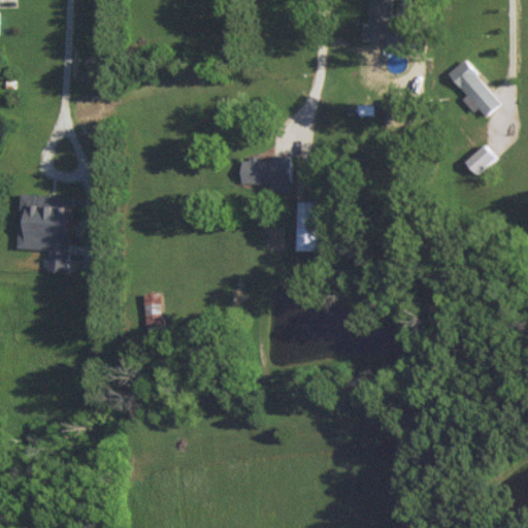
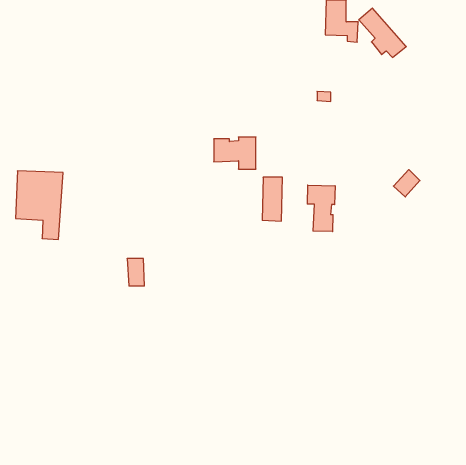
building: [448,61,501,117] -> [359,8,406,57]
building: [465,144,495,175] -> [393,170,420,197]
building: none -> [307,185,335,232]

